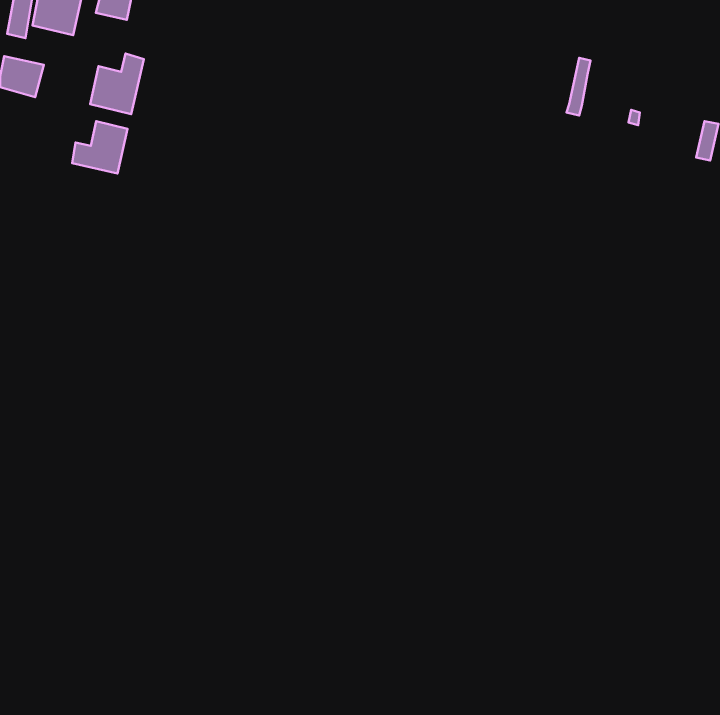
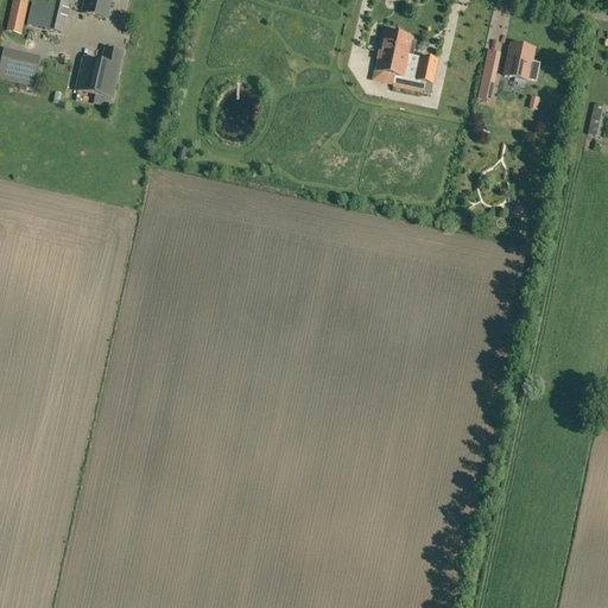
building: none -> [375,26,437,87]
building: none -> [504,42,539,78]
building: [72,121,128,174] -> none

